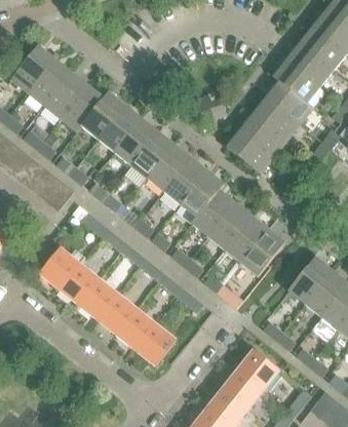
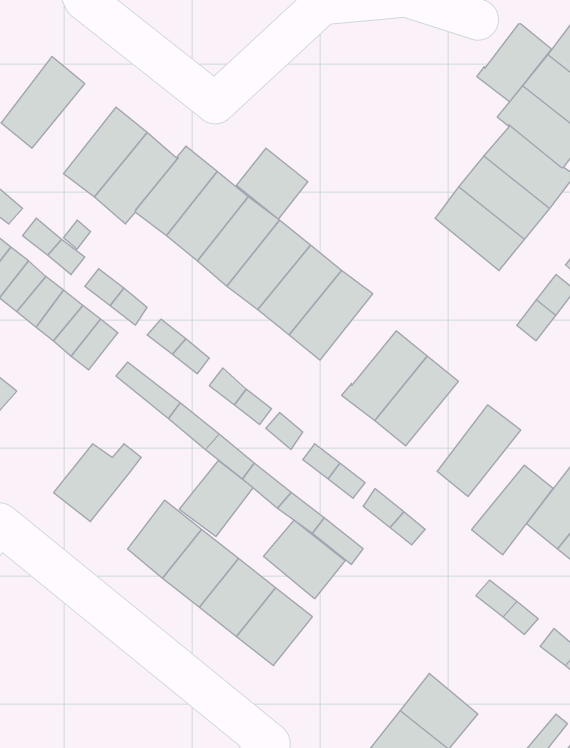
building: none -> [477,24,551,102]
building: [28,59,72,106] -> none
building: none -> [236,148,308,219]
building: [227,129,274,173] -> none
building: [180,169,224,218] -> none
building: [225,216,268,263] -> [472,465,553,555]
building: [59,264,98,304] -> [179,461,253,536]
building: none -> [264,520,345,599]
building: [237,350,279,391] -> none

